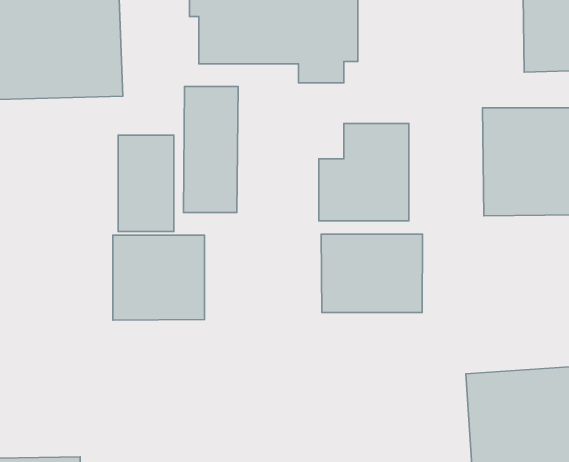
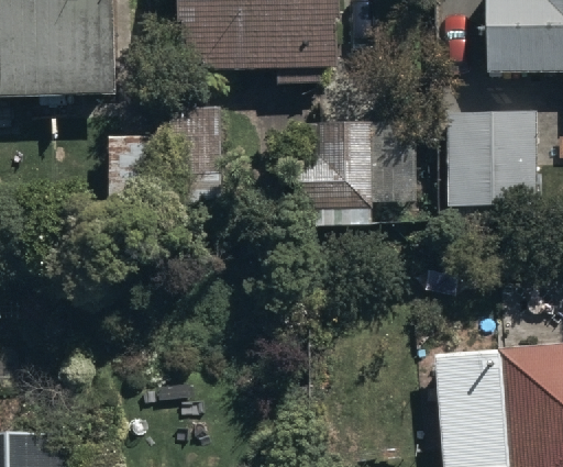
building: [321,234,422,312] -> none
building: [113,235,205,320] -> none

